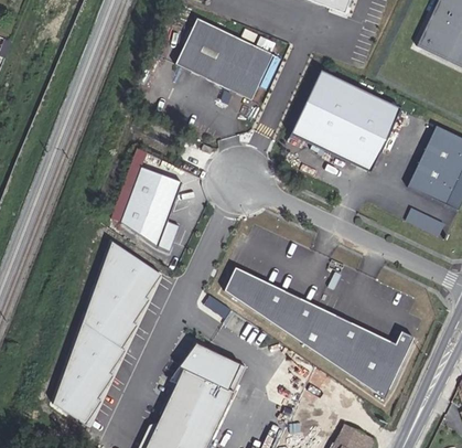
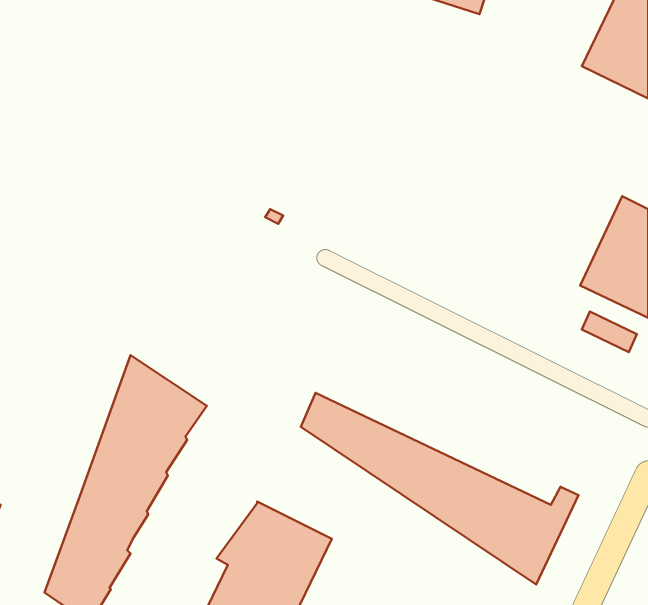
building: [174,18,272,103] -> none
building: [290,70,400,172] -> none
building: [119,166,182,250] -> none

